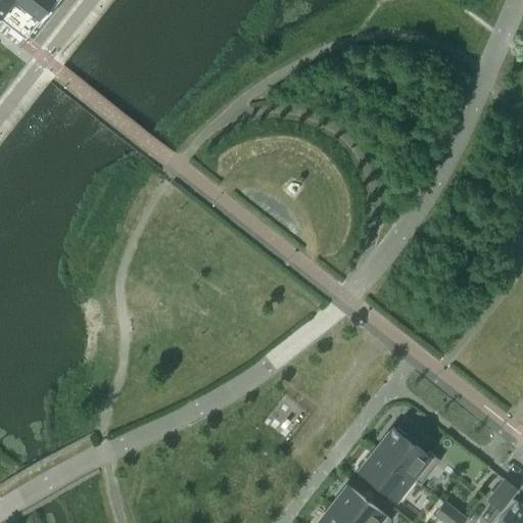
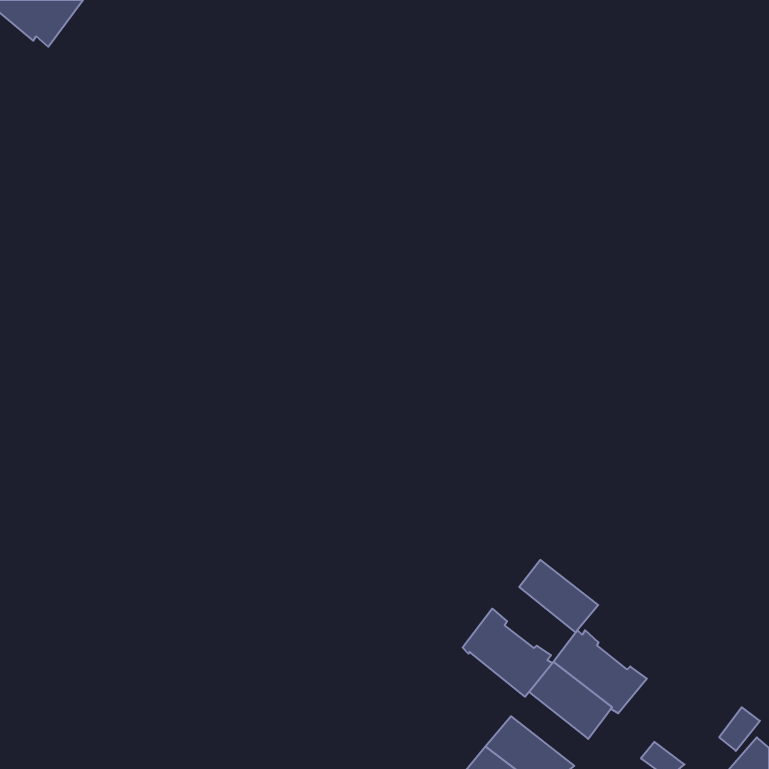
building: none -> [519,560,598,632]
building: none -> [463,609,552,697]

